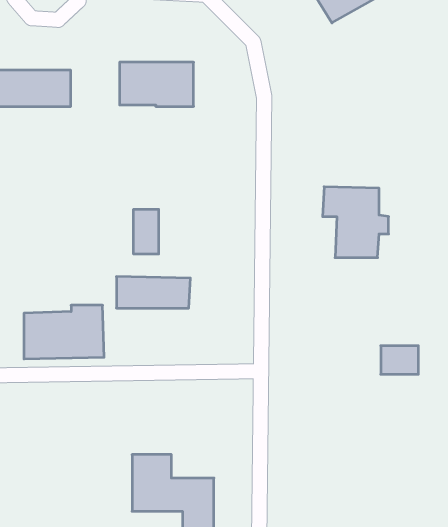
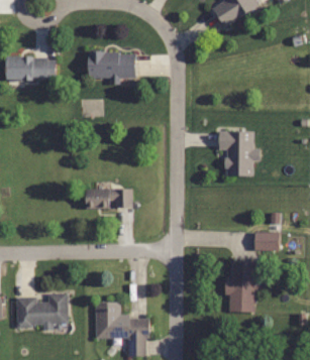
building: [134,209,159,254] -> none
building: [24,305,104,359] -> [16,293,68,328]
building: none -> [227,261,262,313]

